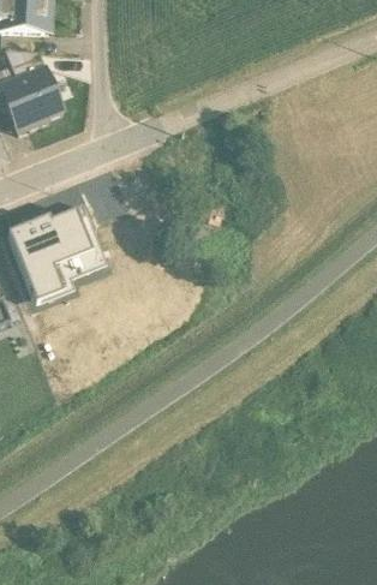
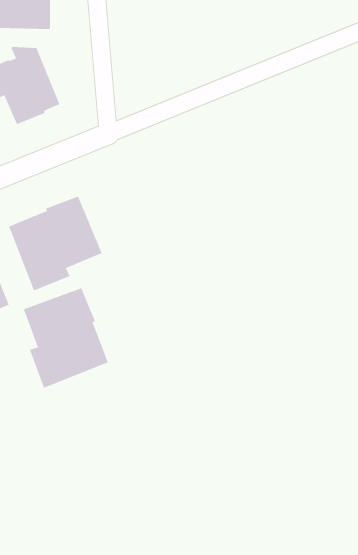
building: none -> [23,287,111,388]

